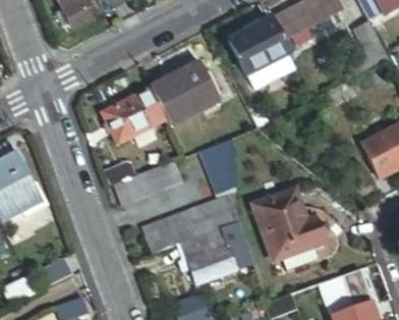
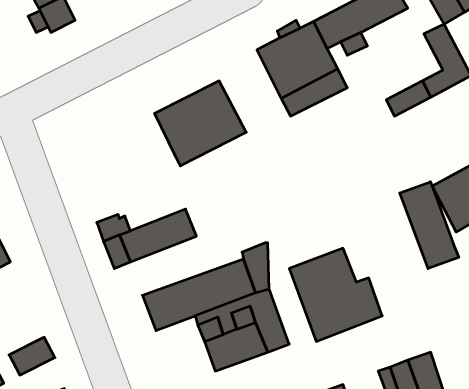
building: [101,88,166,144] -> none
building: [201,138,234,193] -> none
building: none -> [400,182,459,269]

